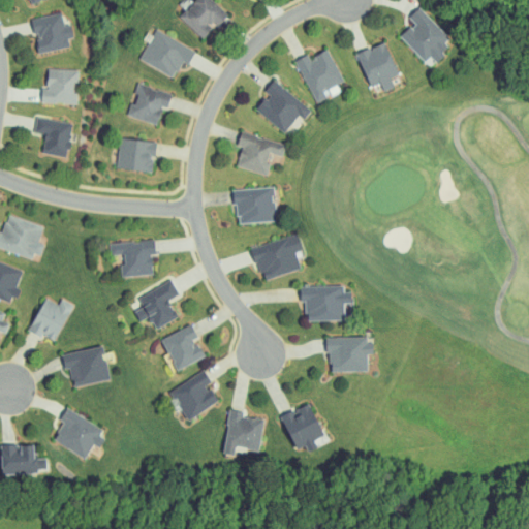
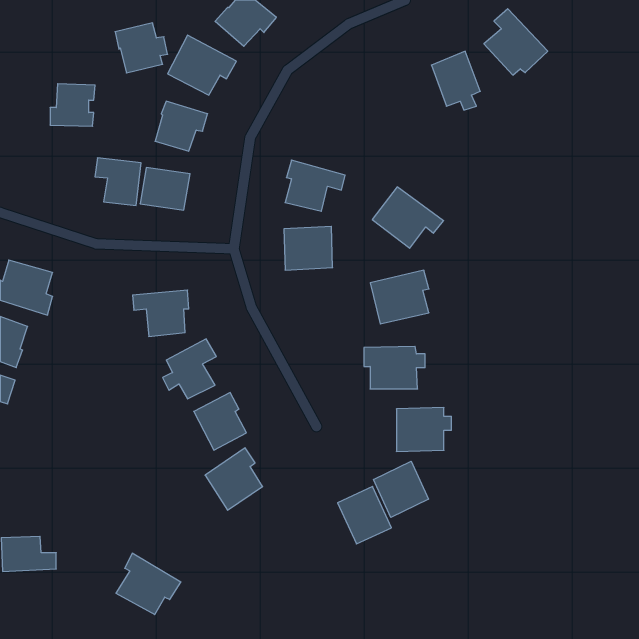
building: [30,12,73,54] -> [115,23,168,73]
building: [295,50,343,103] -> none
building: [253,82,312,132] -> [372,187,444,248]
building: [34,118,72,157] -> [95,158,141,205]
building: [252,236,301,280] -> [370,270,429,324]
building: [28,298,73,343] -> none
building: [61,347,111,387] -> none
building: none -> [374,461,428,517]
building: [53,406,106,457] -> [116,553,181,615]
building: [222,410,263,457] -> none

